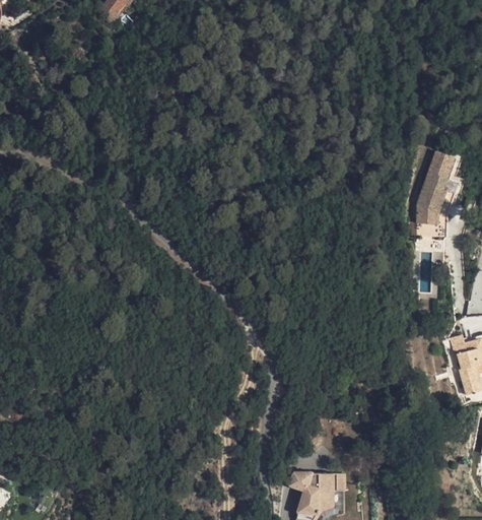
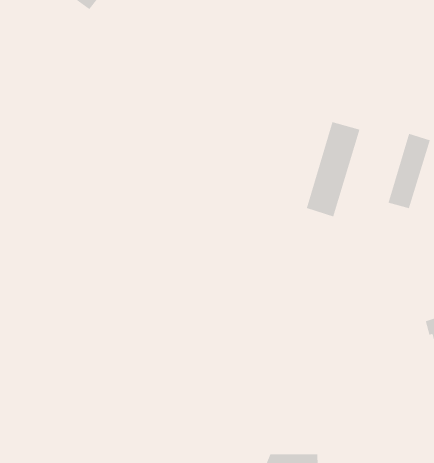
building: none -> [306,121,360,218]

